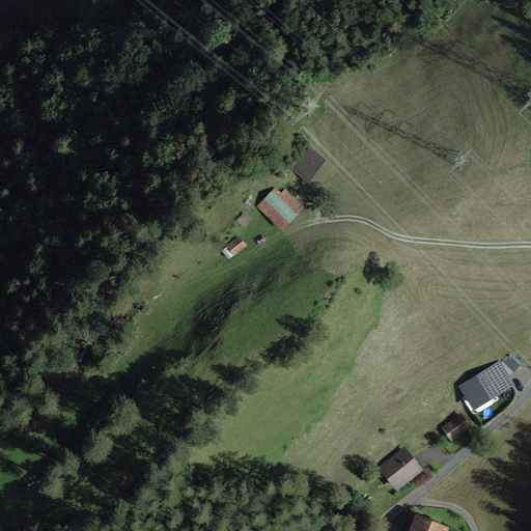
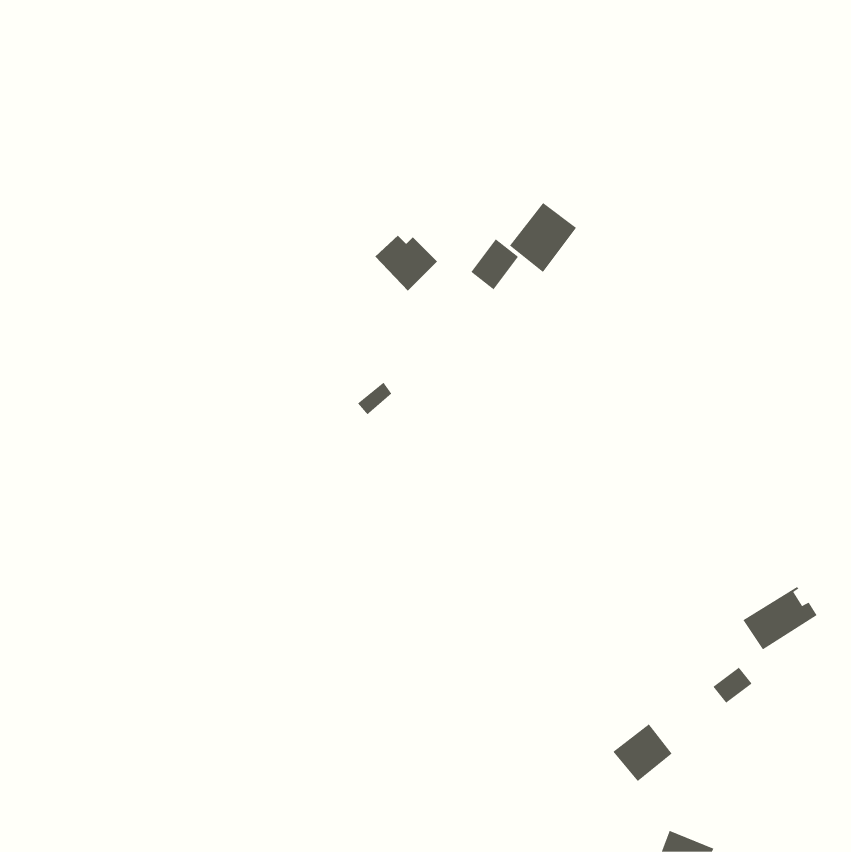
building: none -> [509,202,577,273]
building: [261,190,301,225] -> [374,235,438,291]

